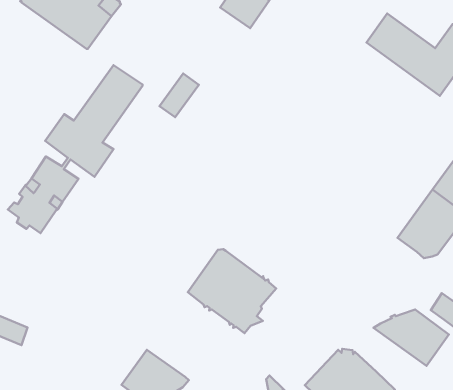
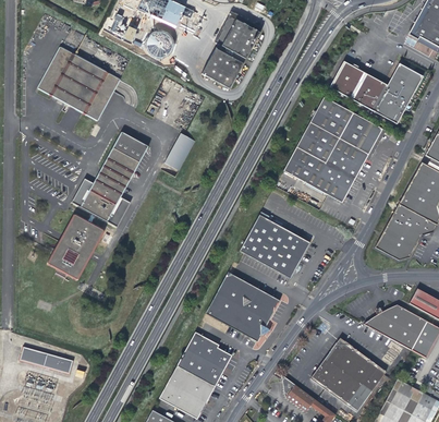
building: none -> [283,97,381,203]
building: none -> [240,215,309,278]
building: none -> [178,331,230,384]

